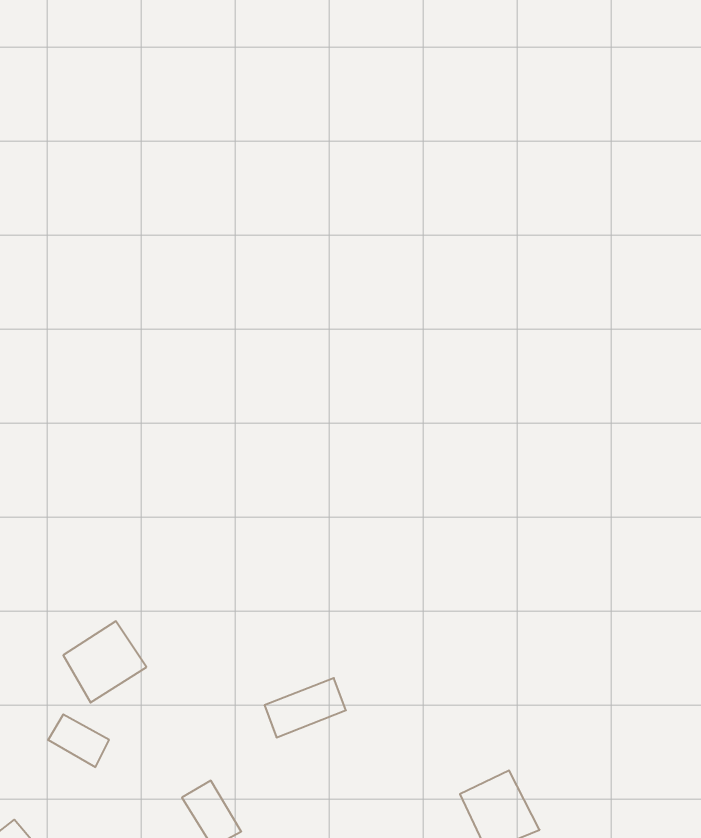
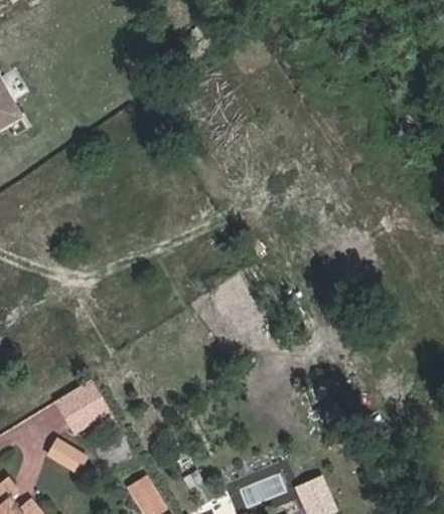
building: [264,678,346,737] -> [243,471,291,506]

